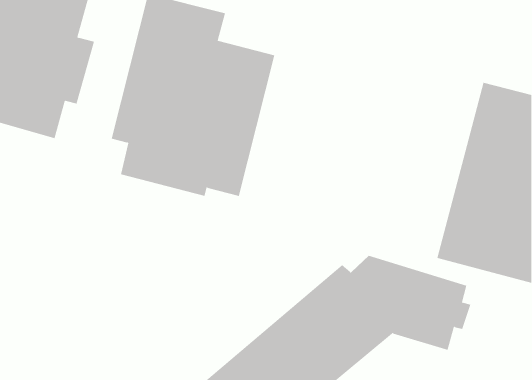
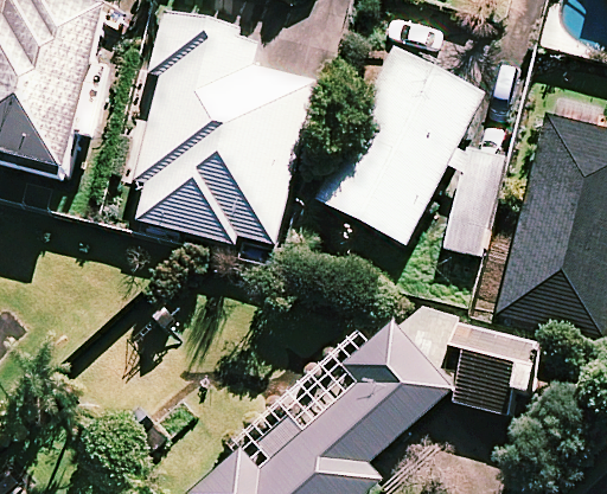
building: none -> [320,49,506,254]

